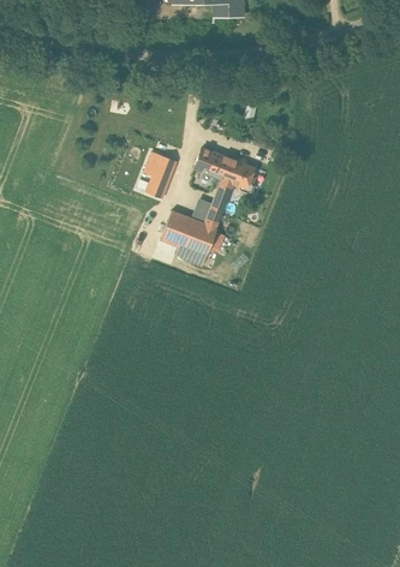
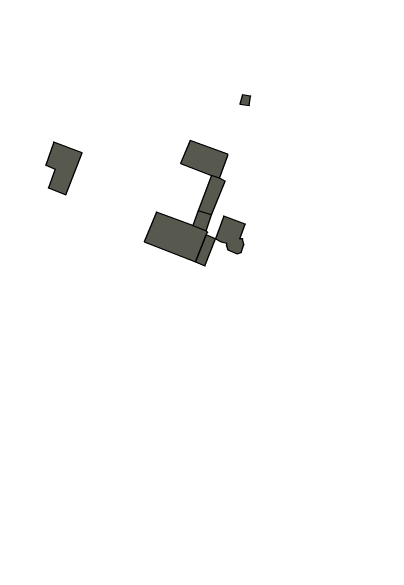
building: [143,150,175,197] -> [46,142,82,195]
building: [227,160,253,193] -> [216,216,245,254]

